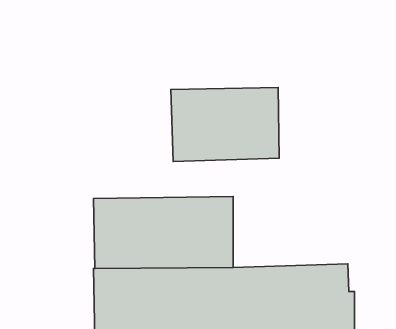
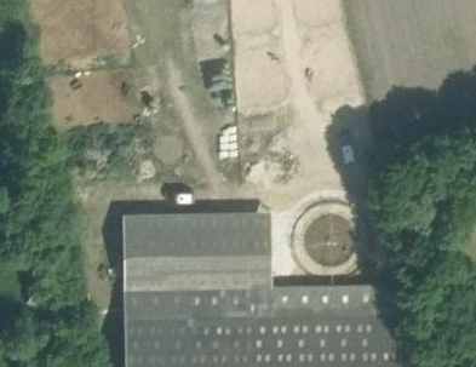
building: [171,88,279,161] -> none

